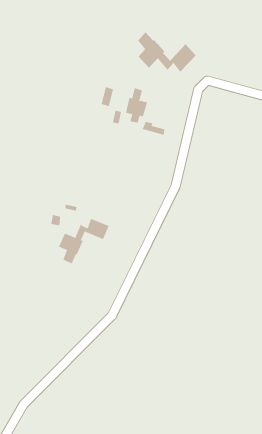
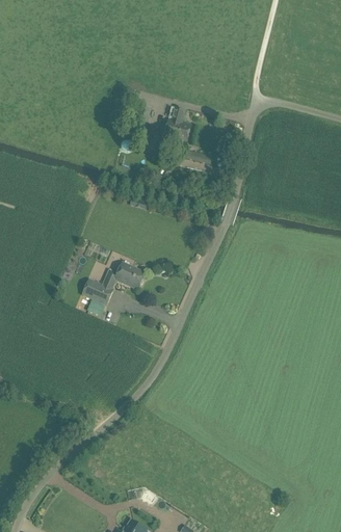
building: [137,32,197,72] -> none

